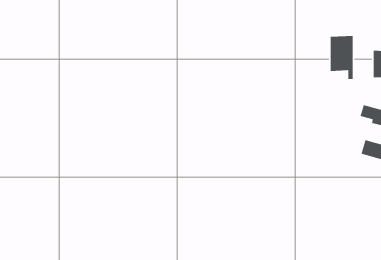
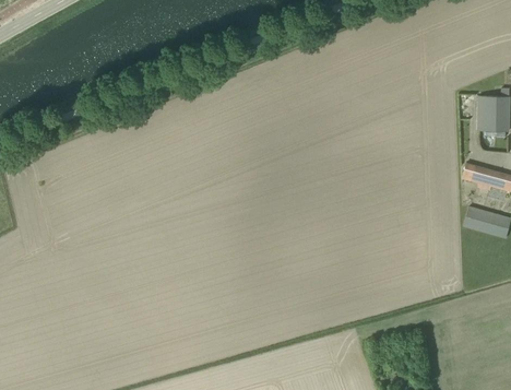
building: [330,35,354,80] -> none

